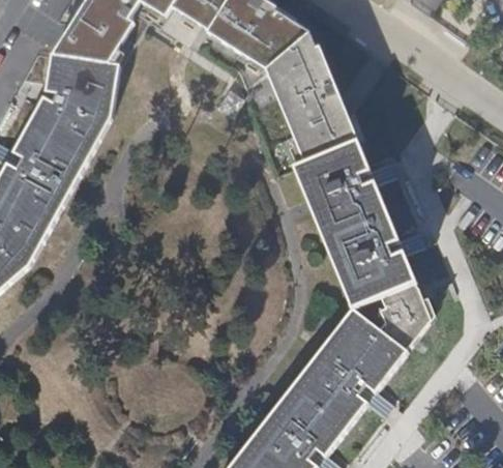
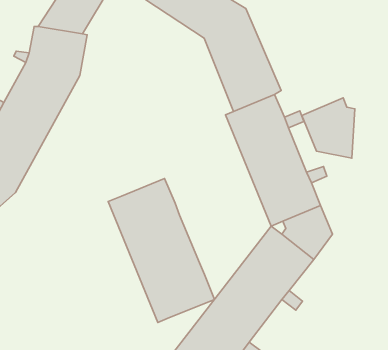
building: none -> [302,98,355,158]
building: none -> [108,179,214,323]

